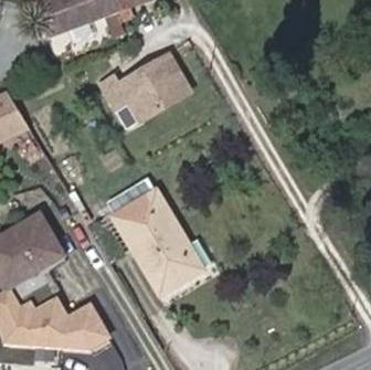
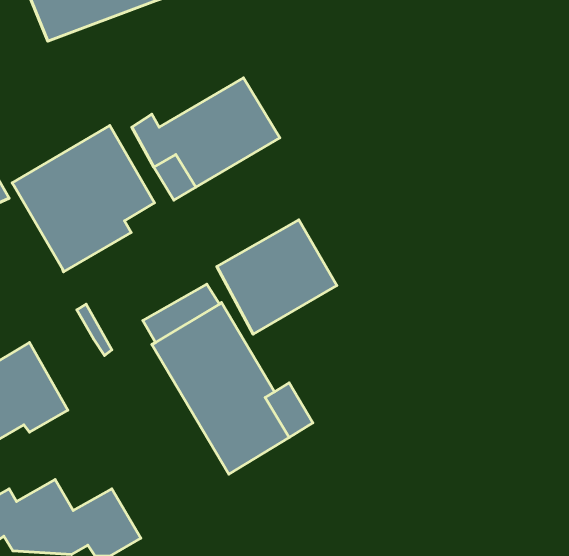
building: none -> [12,126,155,272]
building: none -> [217,220,337,334]

